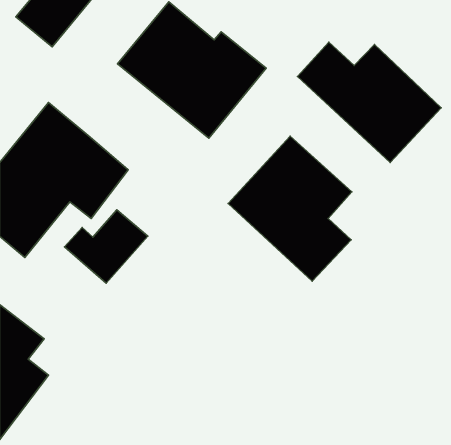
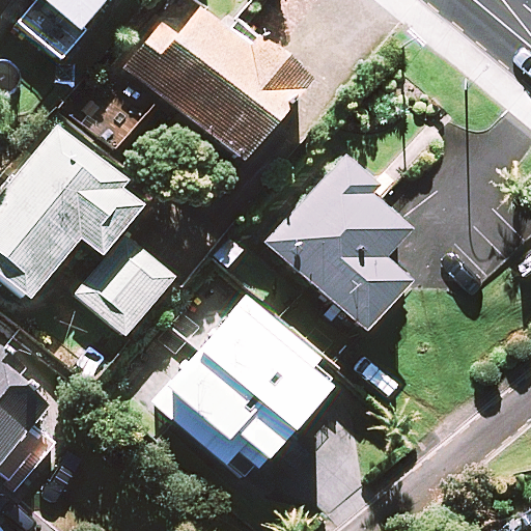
building: [297,42,441,162] -> none
building: none -> [152,270,333,484]

